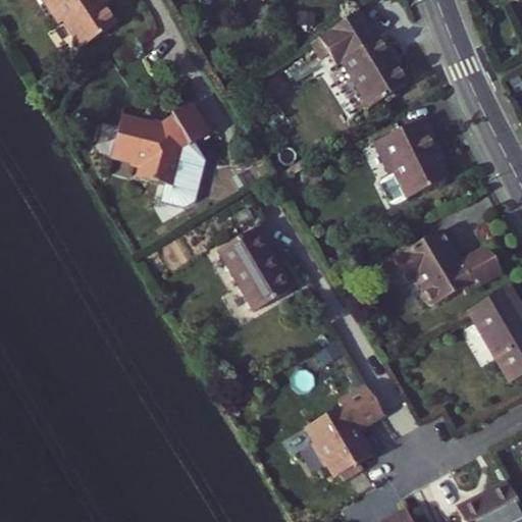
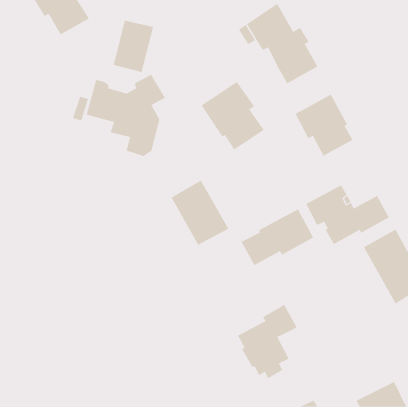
building: none -> [113,20,154,73]
building: none -> [201,81,265,151]
building: none -> [241,209,314,266]

